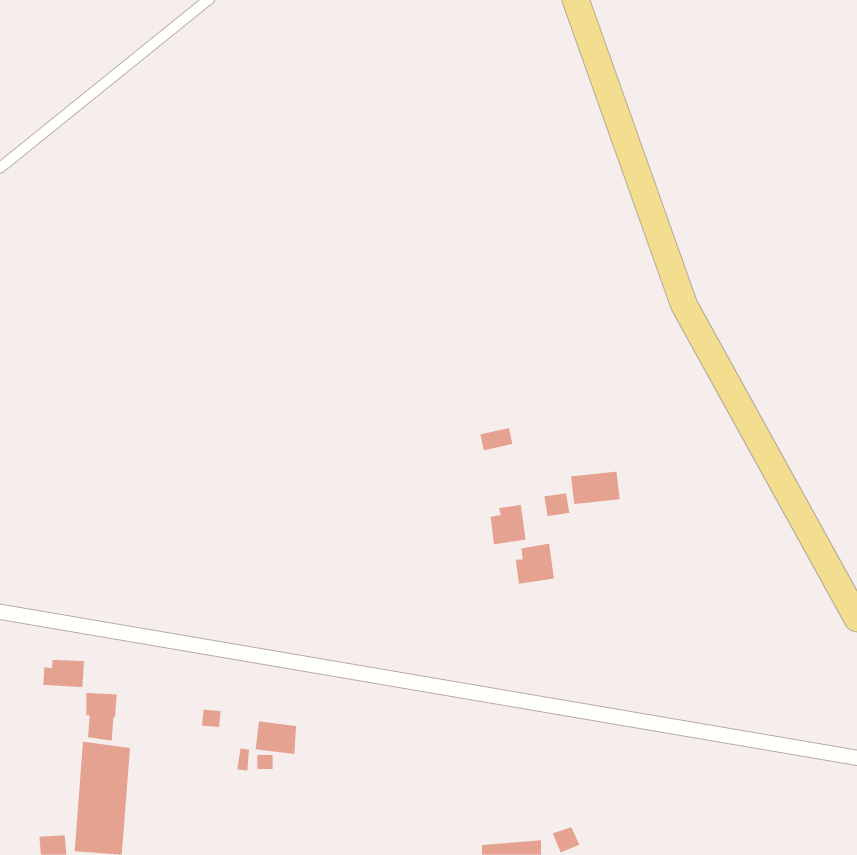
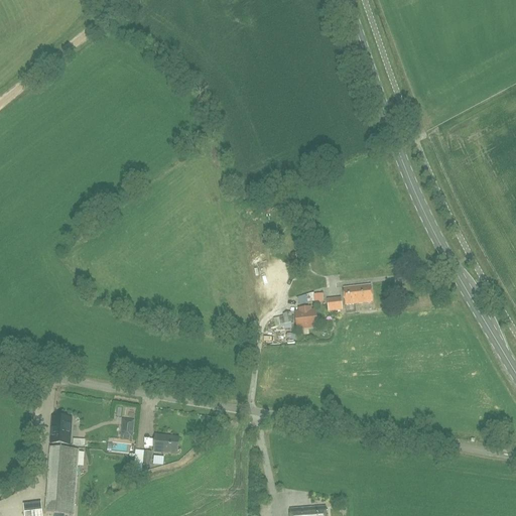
building: [515,543,554,584] -> none
building: [43,659,84,688] -> none

